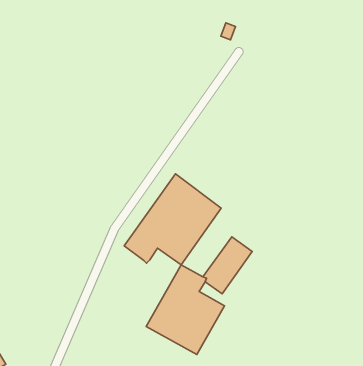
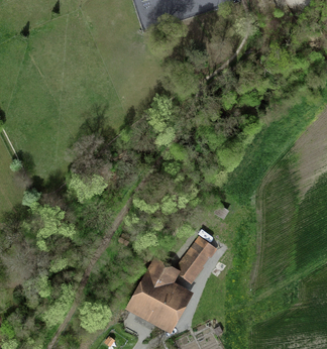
building: [124,174,221,265] -> none

